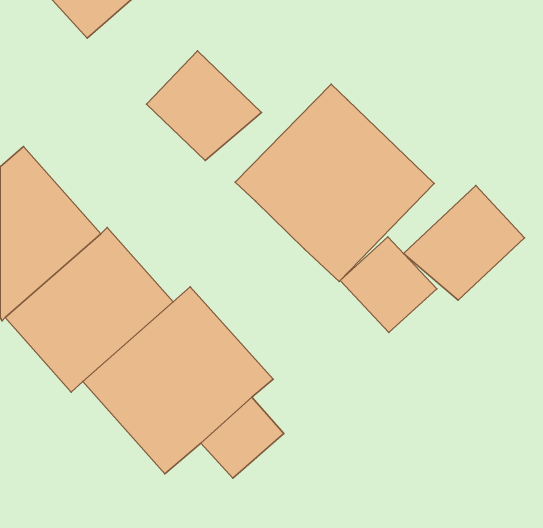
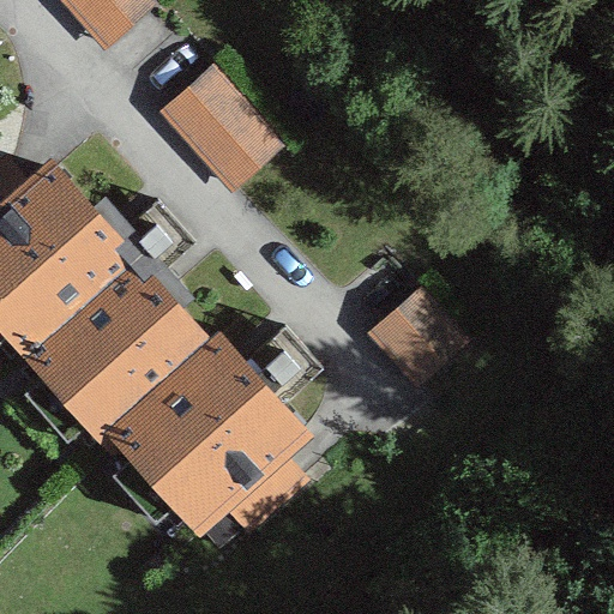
building: [235,84,434,281] -> none
building: [403,186,525,300] -> none

